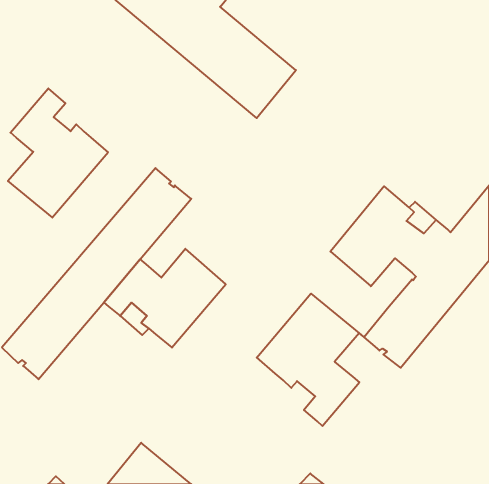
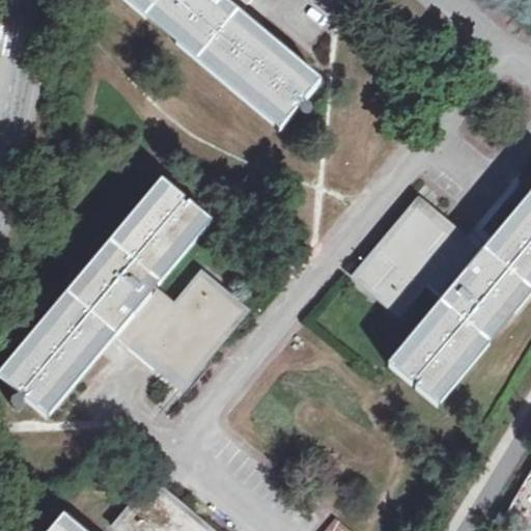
building: [8,88,108,218] -> none
building: [257,294,359,426] -> none

